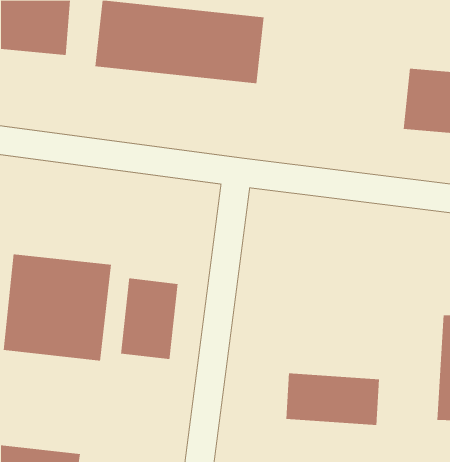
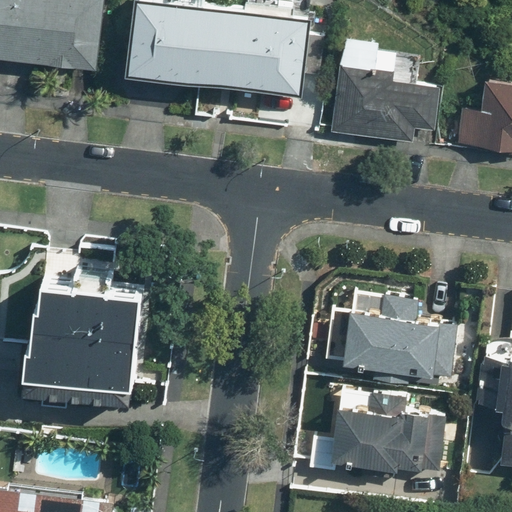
building: none -> [321,60,427,138]
building: [120,278,178,360] -> none
building: none -> [335,314,448,374]

